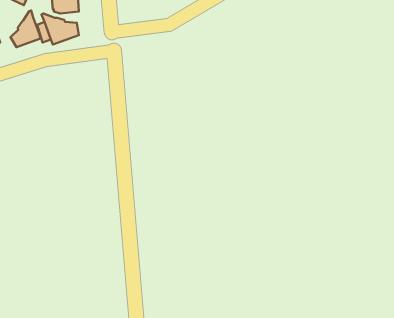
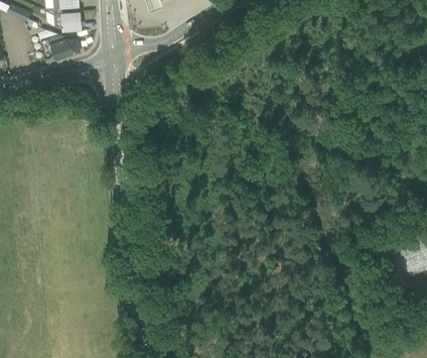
building: [11,11,41,47] -> none

